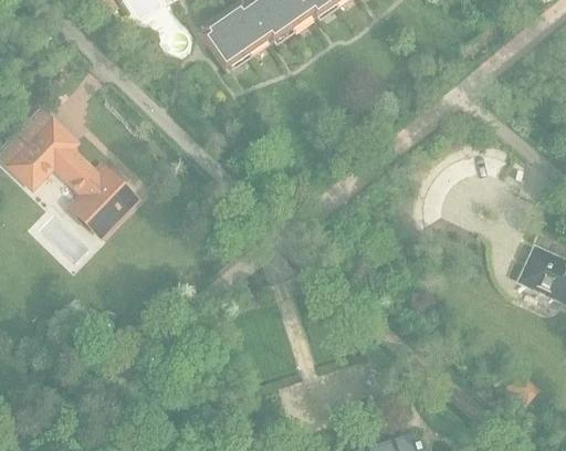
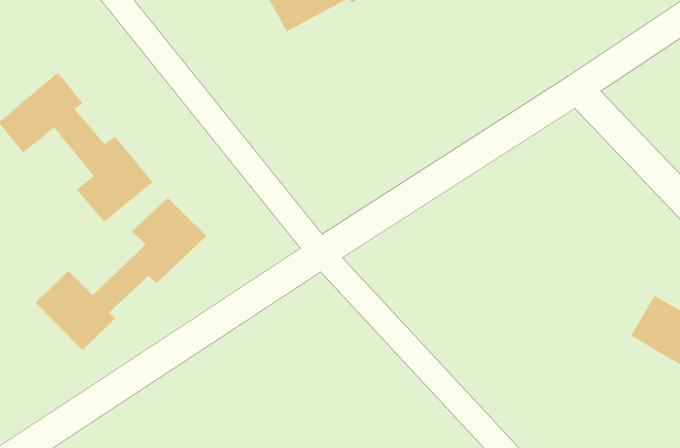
building: none -> [35,197,207,351]

